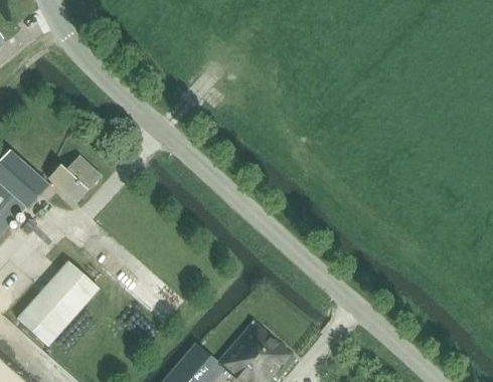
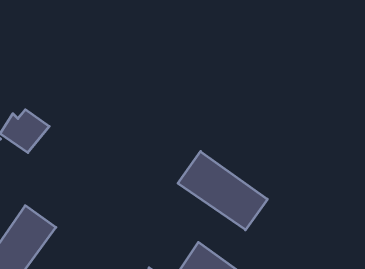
building: none -> [178,151,267,230]

